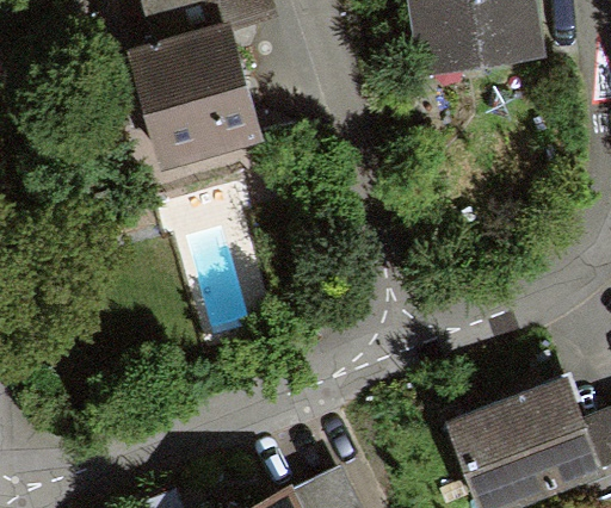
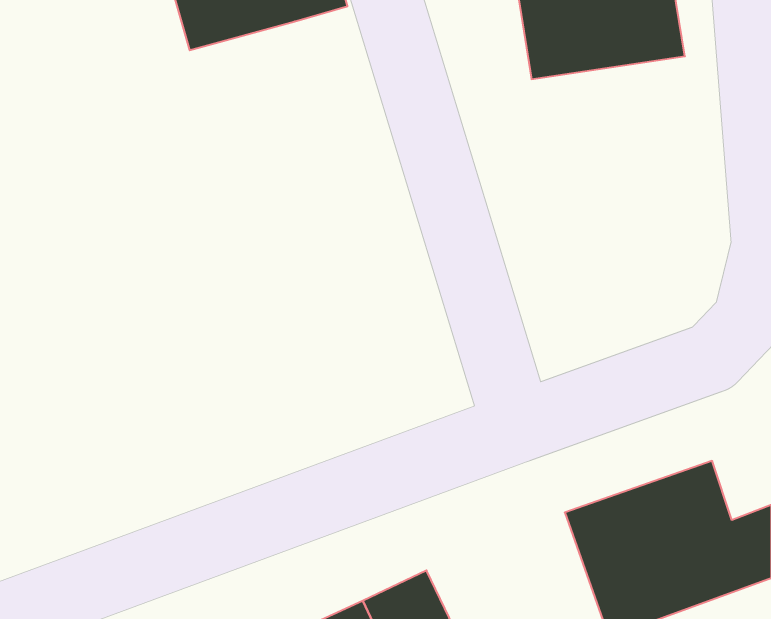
building: [132,30,264,176] -> none

